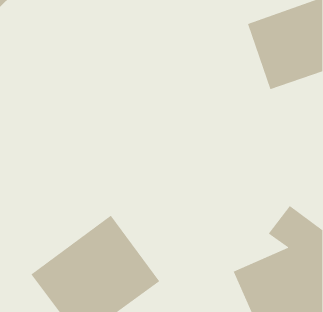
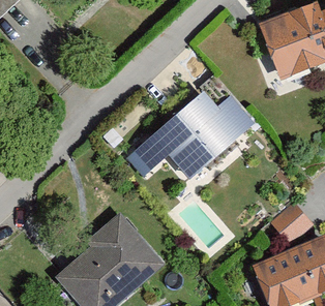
building: none -> [128,79,258,181]

